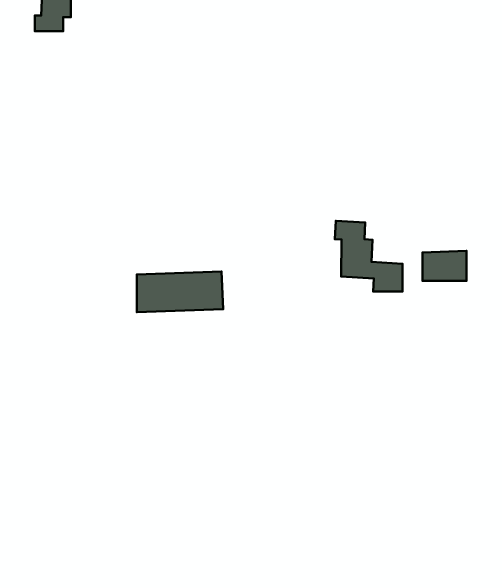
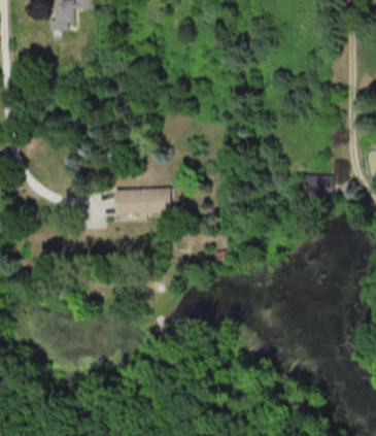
building: [335,221,403,291] -> none

